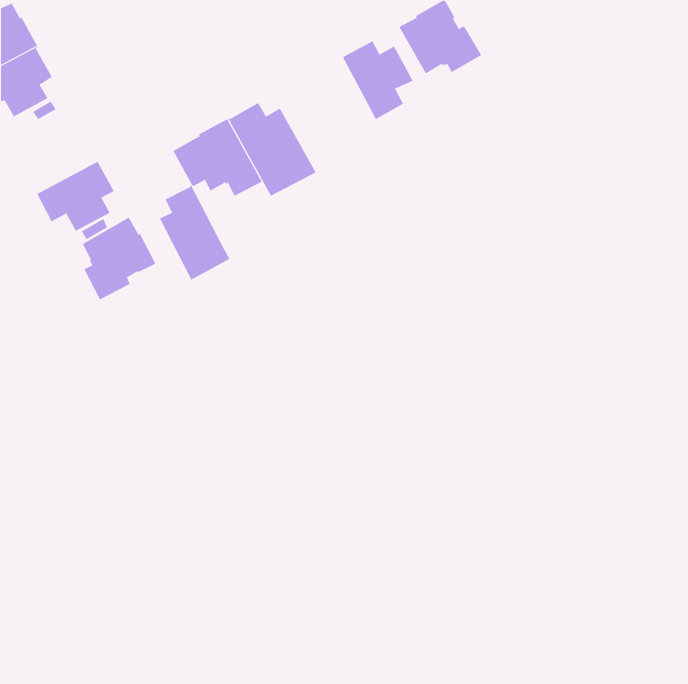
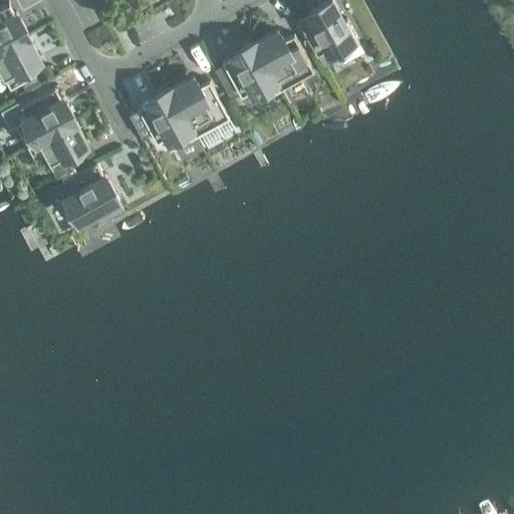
building: none -> [215,45,280,103]
building: none -> [16,89,74,148]
building: [159,185,230,281] -> none

